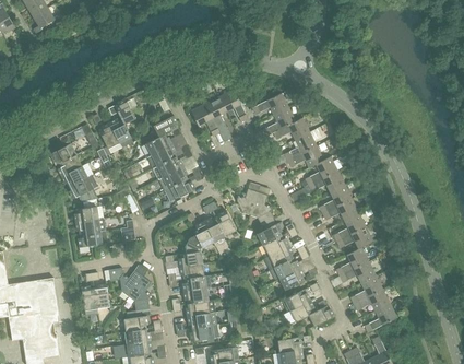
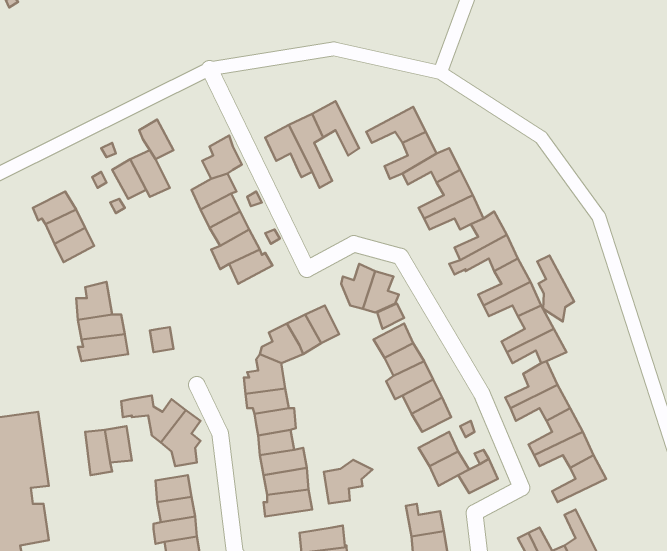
building: [68,174,97,201] -> none
building: none -> [537,255,574,321]
building: none -> [324,460,372,503]

